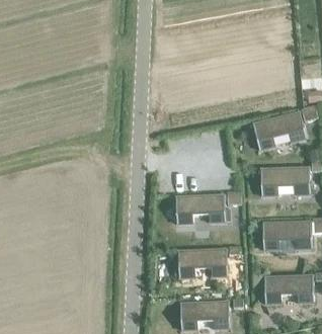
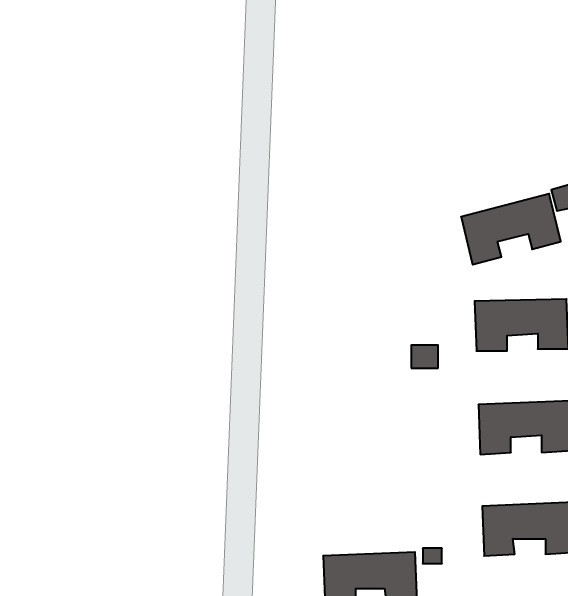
building: [175,195,225,224] -> none
building: [177,249,227,277] -> none

